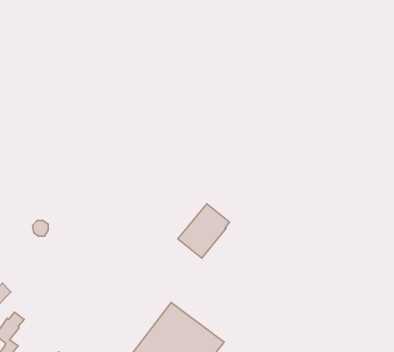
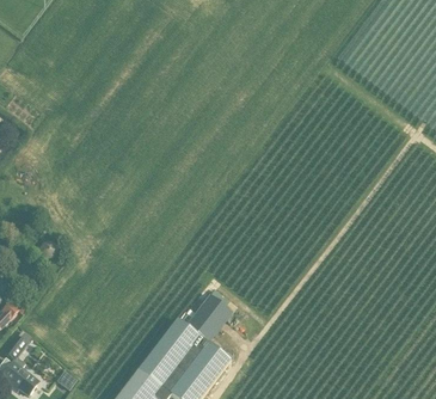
building: [178,204,230,258] -> [186,289,238,343]

